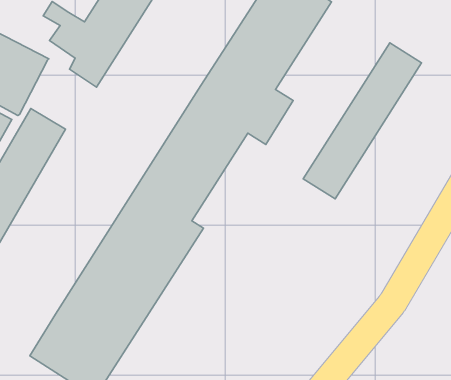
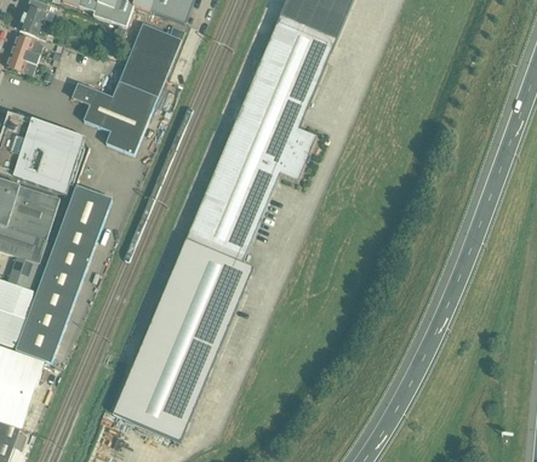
building: [303,43,422,199] -> none

